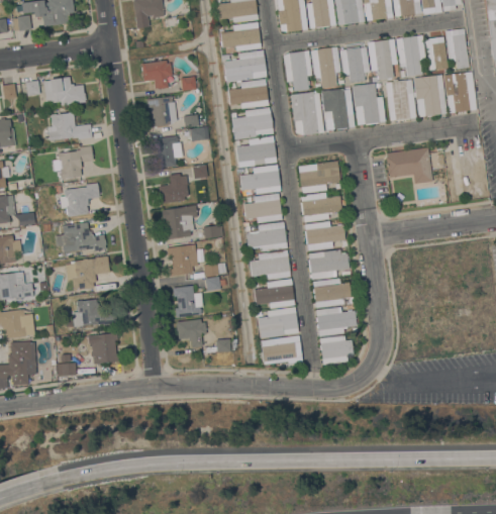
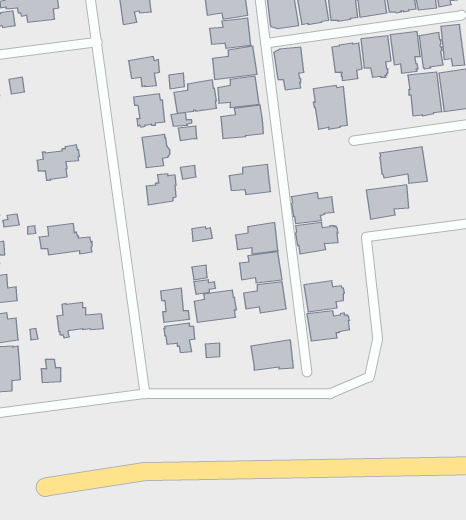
building: [310,47,340,89] -> none
building: [43,77,86,106] -> none
building: [385,80,416,121] -> none
building: [353,83,385,125] -> none
building: [290,92,324,135] -> none
building: [48,112,92,141] -> none
building: [235,135,277,168] -> [174,80,217,113]
building: [298,161,339,194] -> [366,185,409,219]
building: [60,183,99,217] -> none
building: [243,193,282,223] -> none
building: [162,205,197,240] -> none
building: [167,244,198,276] -> none
building: [308,249,350,280] -> none
building: [66,255,110,291] -> none
building: [258,307,299,338] -> [194,290,237,322]
building: [91,333,120,364] -> none
building: [319,334,354,365] -> none

